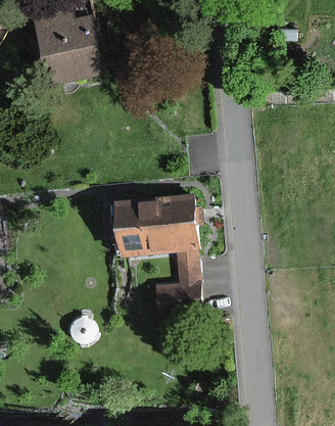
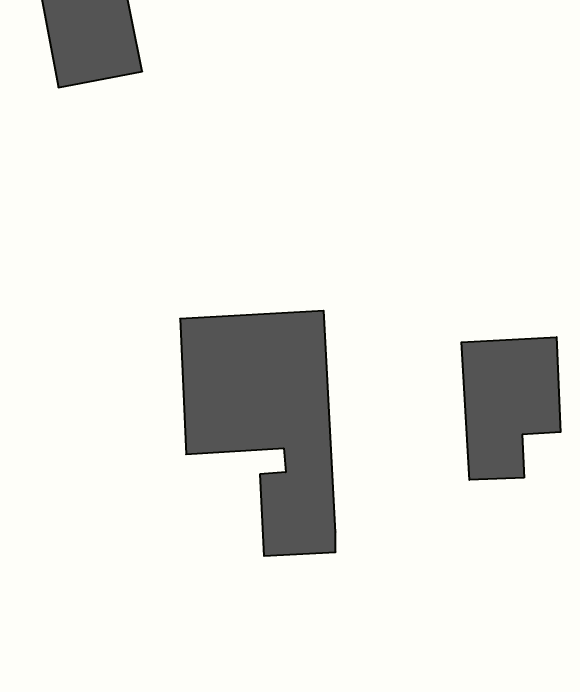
building: none -> [461,337,561,480]

